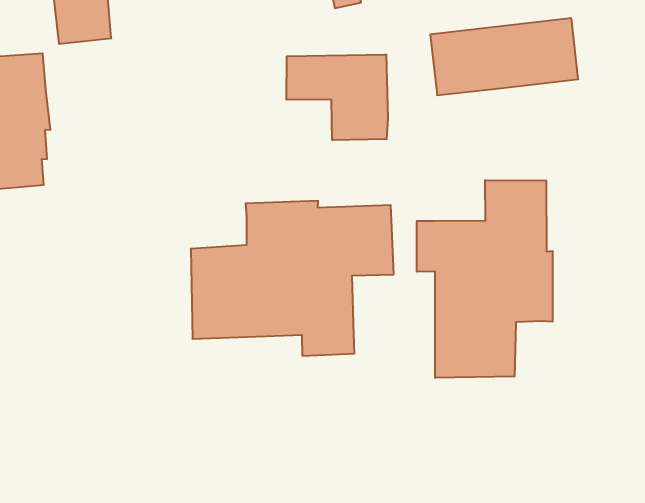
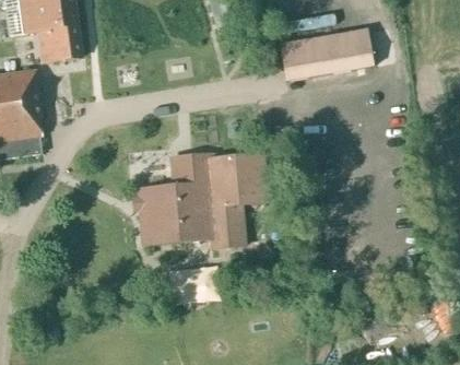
building: [286,54,388,140] -> none
building: [417,180,553,378] -> none

